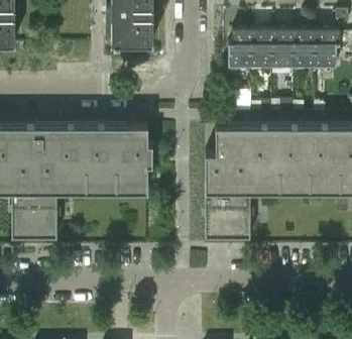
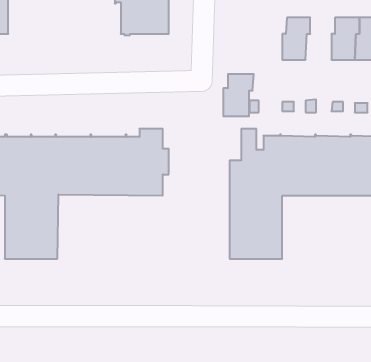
building: [228,30,254,67] -> [223,74,254,116]
building: [270,30,296,67] -> none

